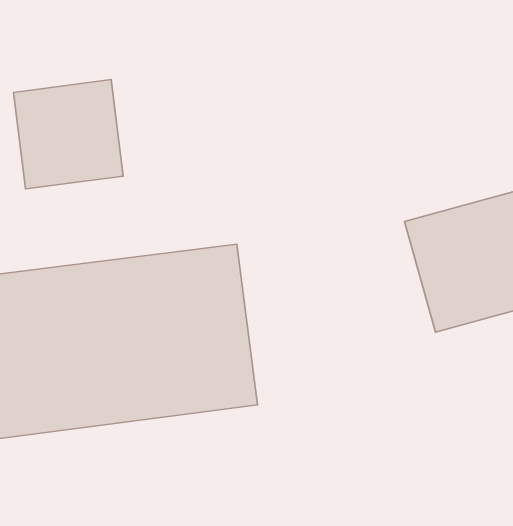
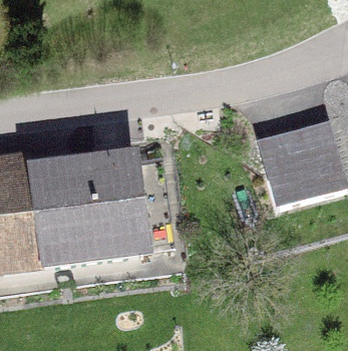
building: [13,80,123,189] -> none

